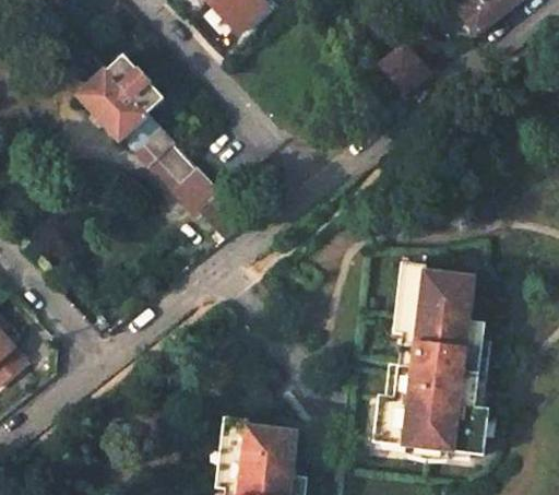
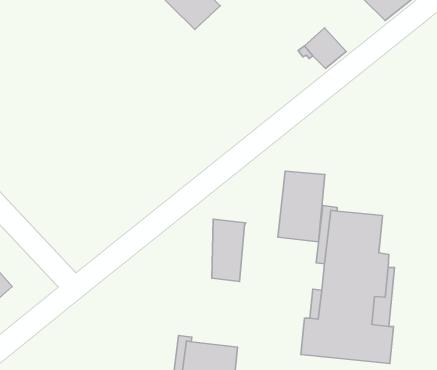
building: [79,54,246,240] -> none
building: none -> [278,171,325,242]
building: none -> [212,219,245,281]

